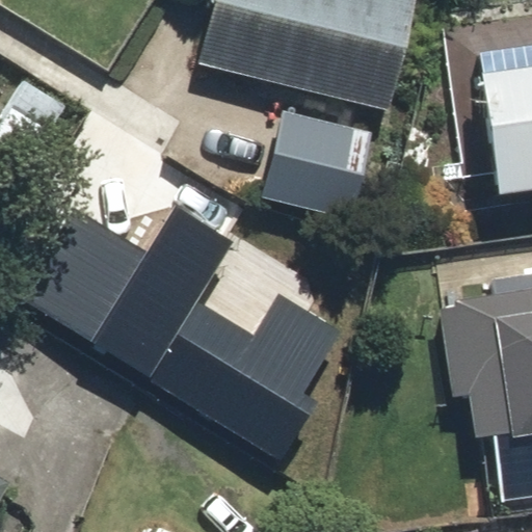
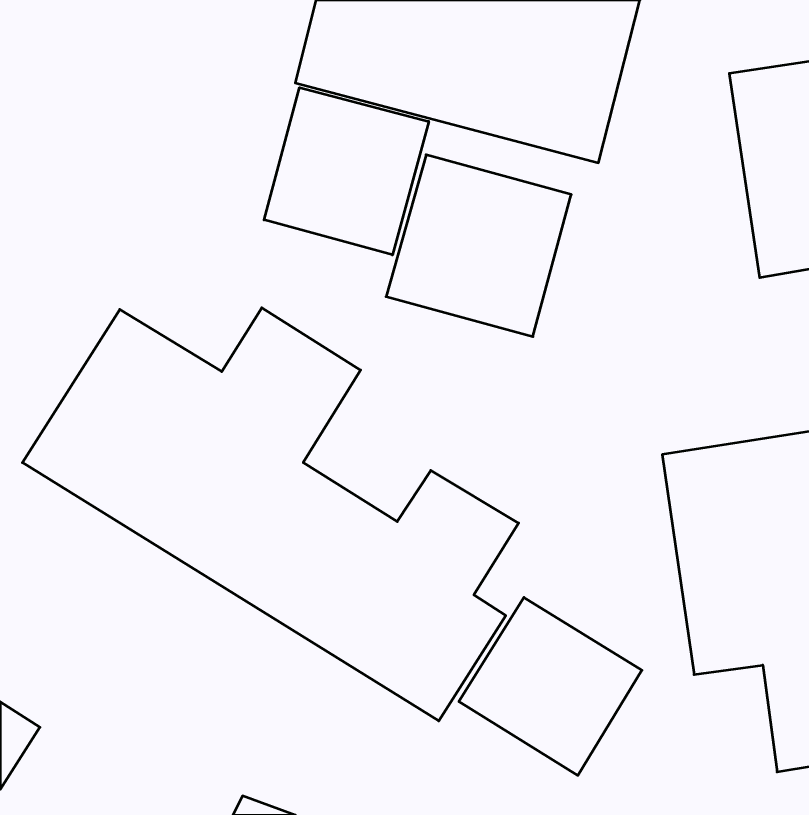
building: none -> [264,88,429,255]
building: none -> [459,597,642,775]

